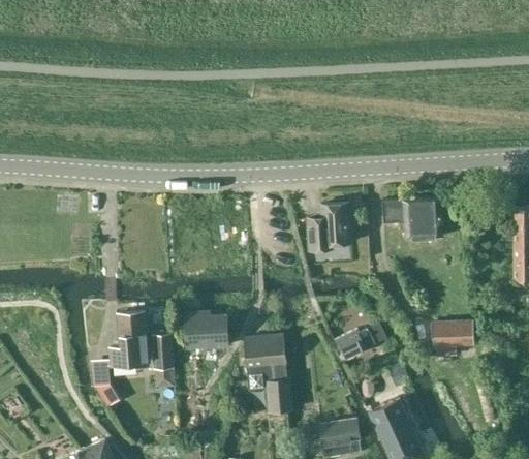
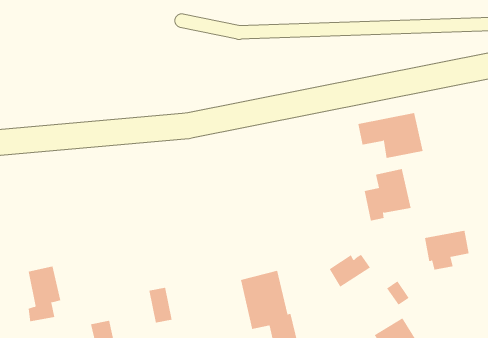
building: [307,204,351,251] -> [364,169,411,221]
building: [113,312,147,364] -> [28,266,61,322]
building: [185,313,228,348] -> none

